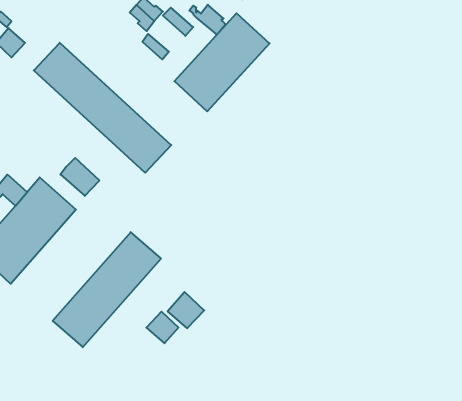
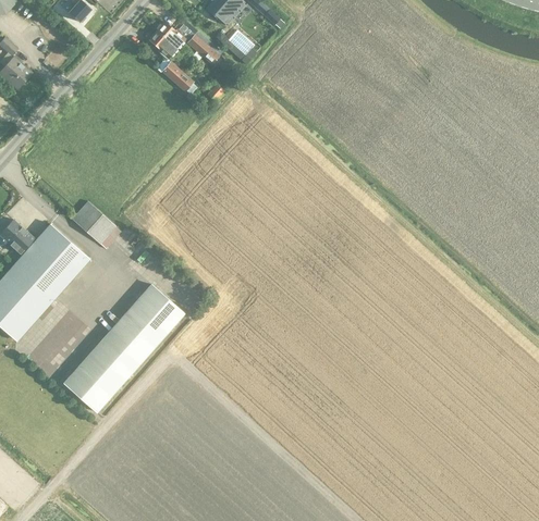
building: [174,13,270,111] -> none
building: [34,43,171,173] -> none
building: [168,292,204,328] -> none
building: [146,312,178,343] -> none

